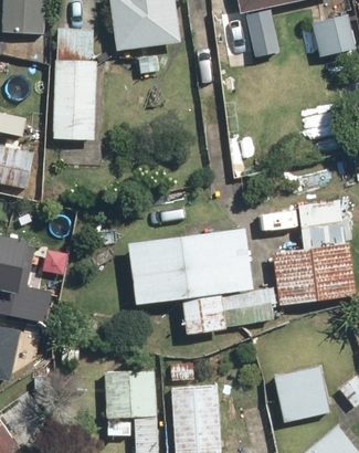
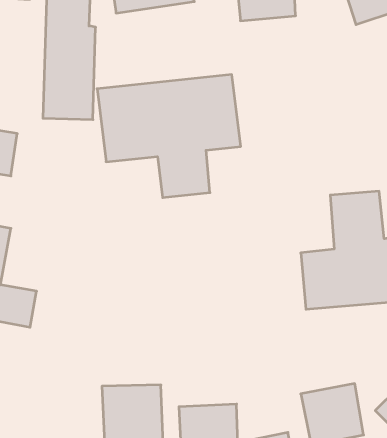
building: [130,228,254,334] -> [97,75,241,198]

